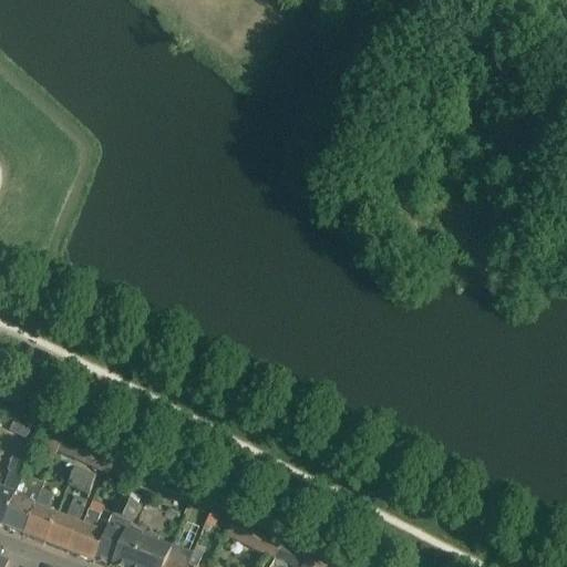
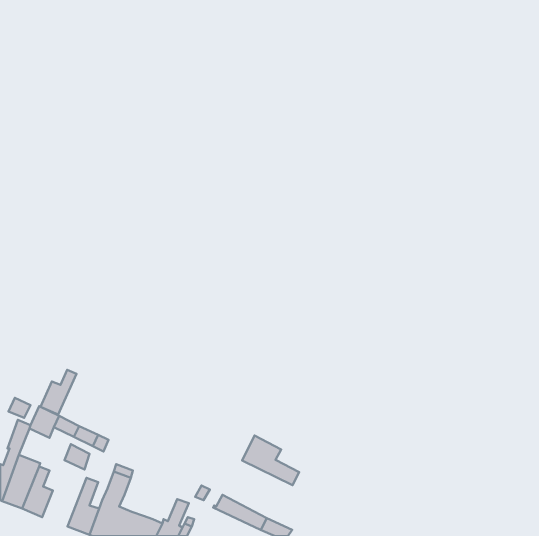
building: none -> [41,370,76,414]
building: none -> [242,436,299,485]
building: [44,496,86,551] -> none

